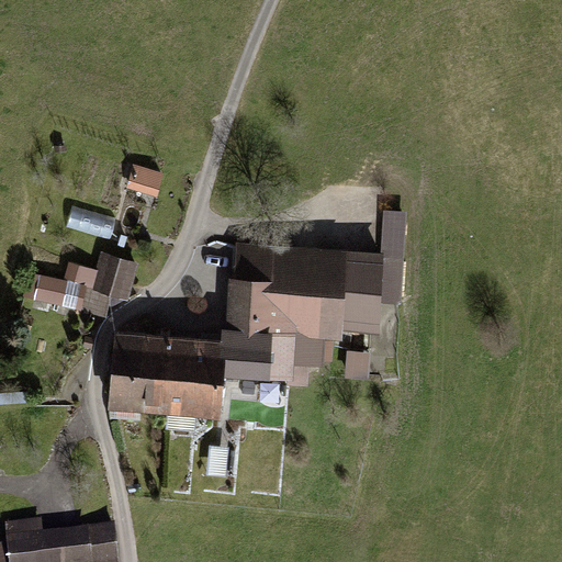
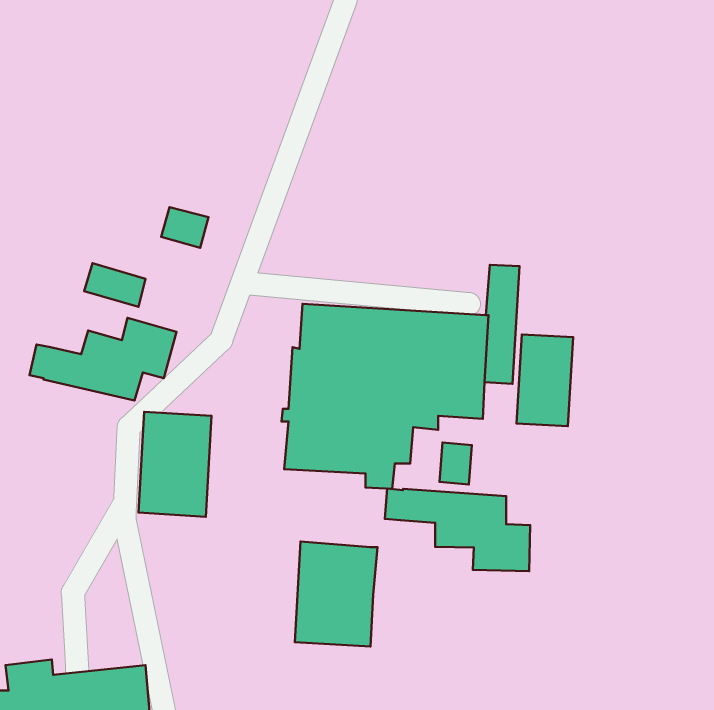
building: none -> [517,335,573,426]
building: [161,330,226,413] -> [295,541,378,647]
building: none -> [385,488,530,571]

